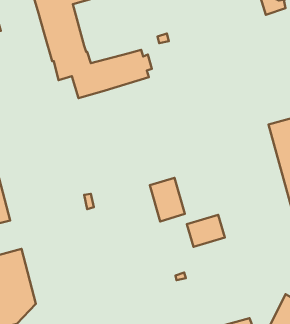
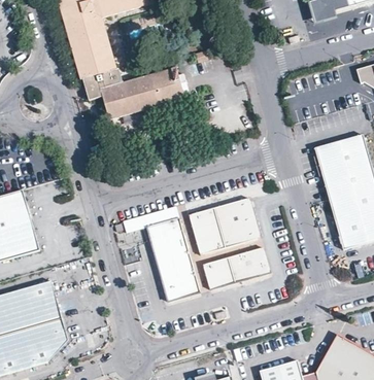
building: none -> [213,196,258,244]
building: none -> [145,216,198,300]
building: none -> [201,255,234,287]

